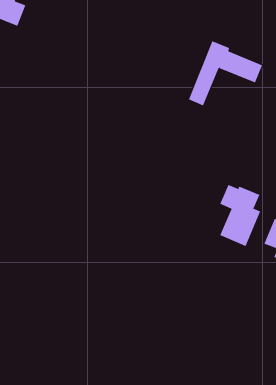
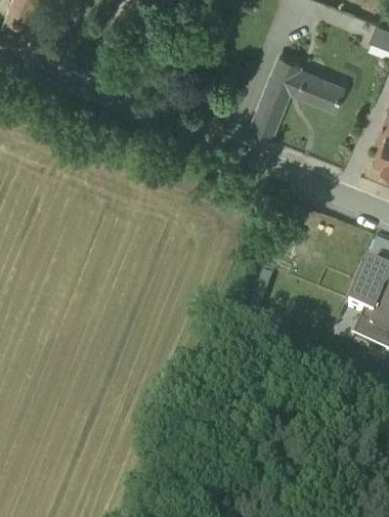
building: [219,184,261,247] -> none

